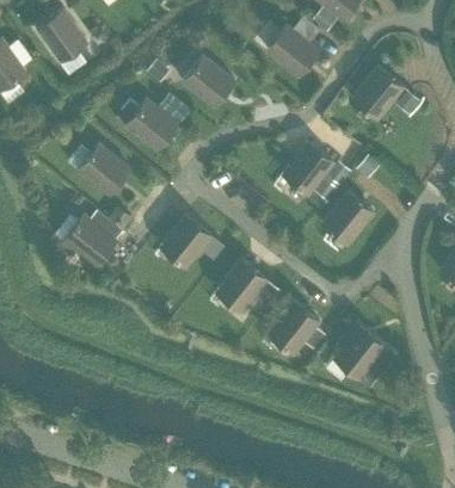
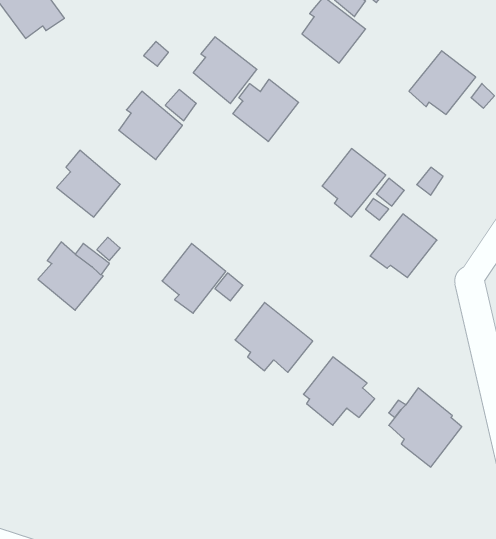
building: none -> [233,79,299,142]

